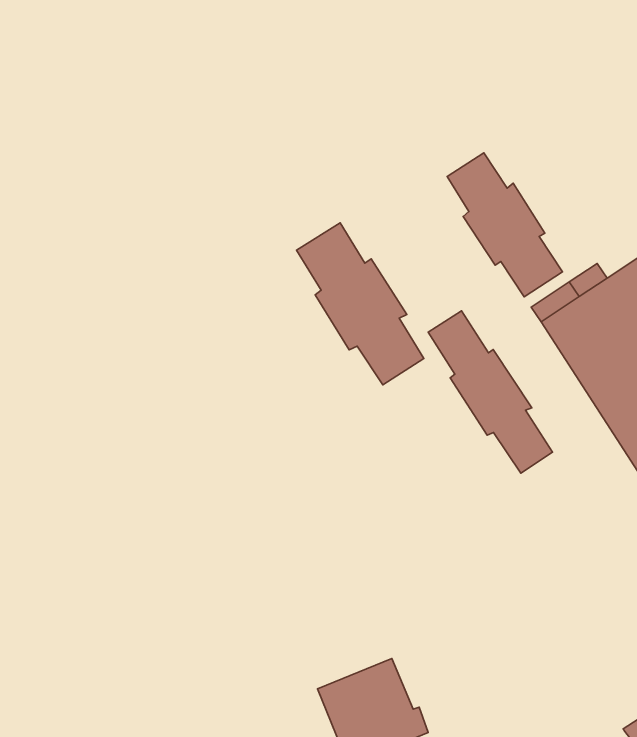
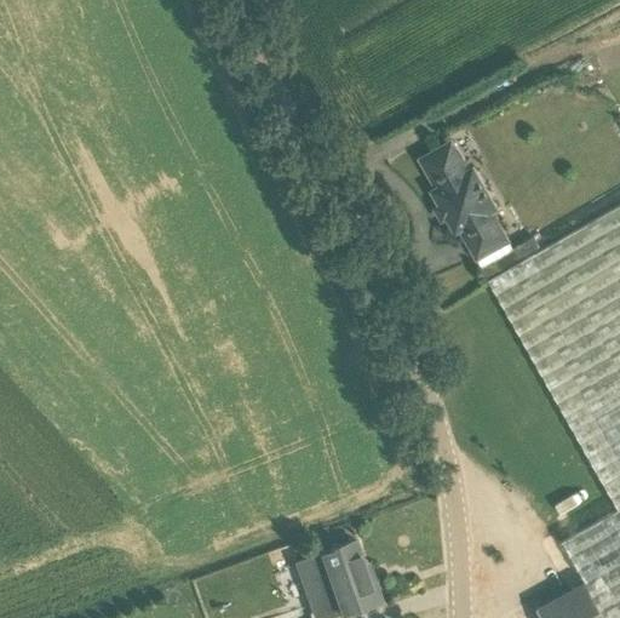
building: [296,223,424,385] -> none
building: [428,311,552,473] -> none

